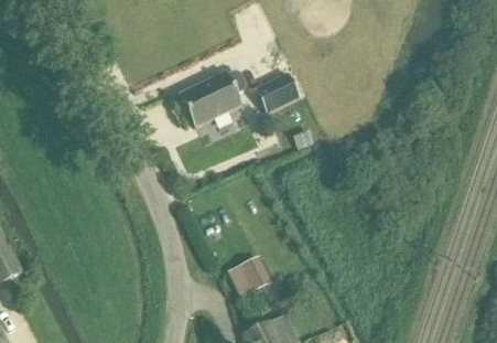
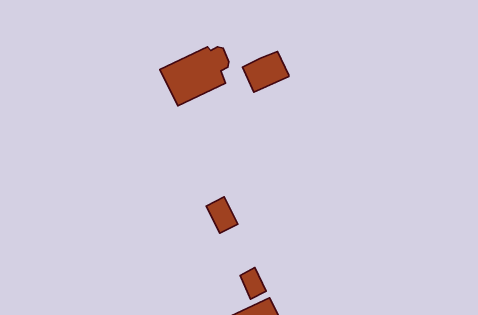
building: [238,255,269,290] -> [206,197,238,233]

